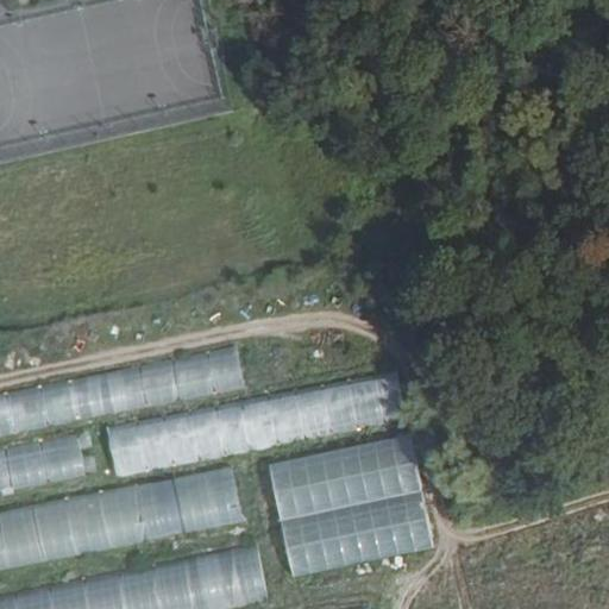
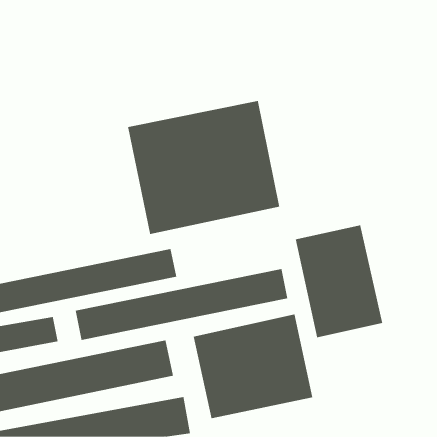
building: none -> [128,100,280,235]
building: none -> [295,225,383,338]

